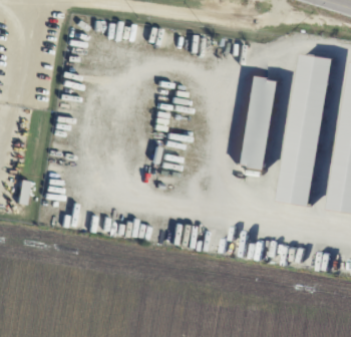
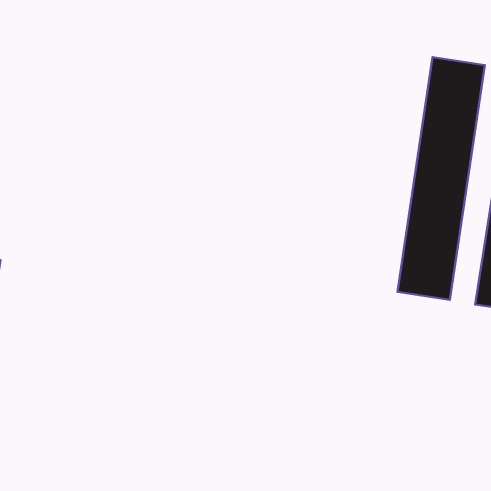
building: [231,75,278,170] -> none

